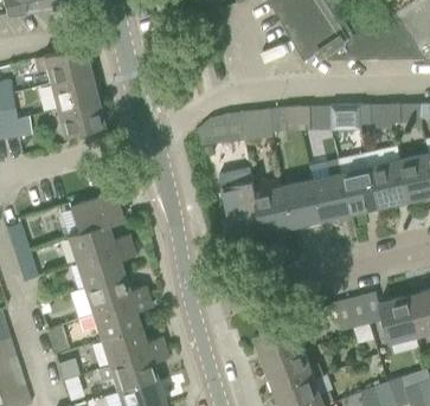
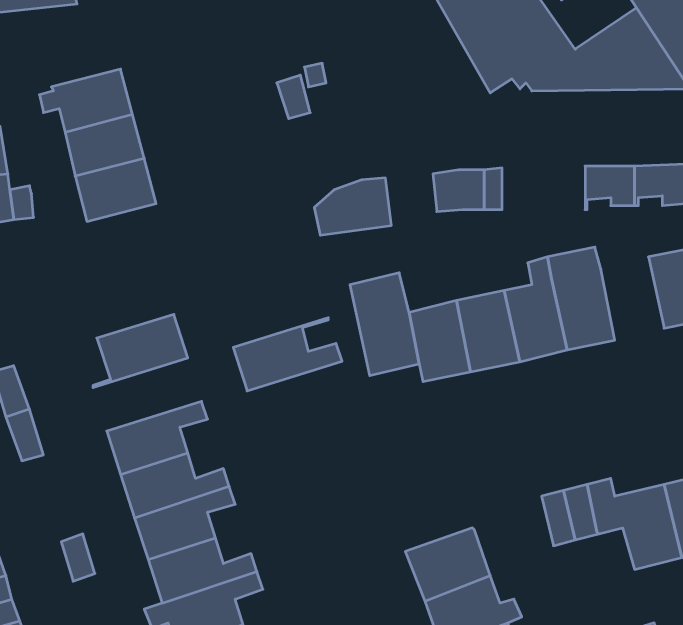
building: [330,104,361,130] -> none
building: [242,109,272,140] -> none
building: [367,146,409,208] -> none
building: [66,219,131,263] -> [233,318,342,391]

